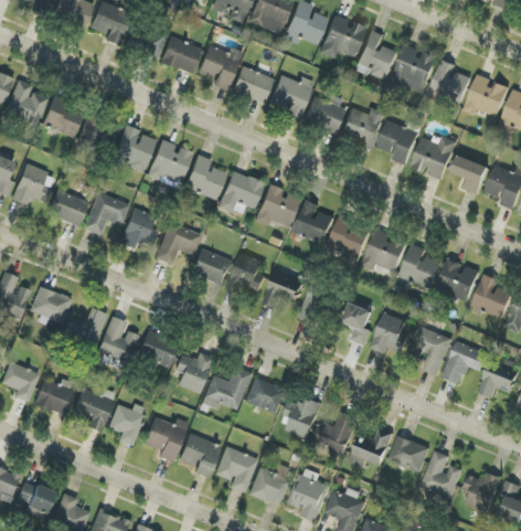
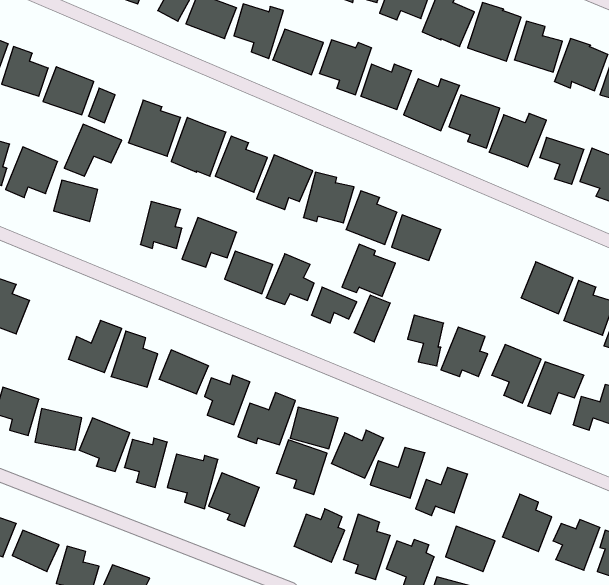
building: [83,192,130,235] -> [64,124,122,176]
building: [363,229,407,272] -> [342,244,395,296]
building: [400,244,442,289] -> none
building: [32,288,71,322] -> none
building: [390,435,430,472] -> [446,526,495,572]
building: [215,447,257,492] -> [276,440,327,495]

